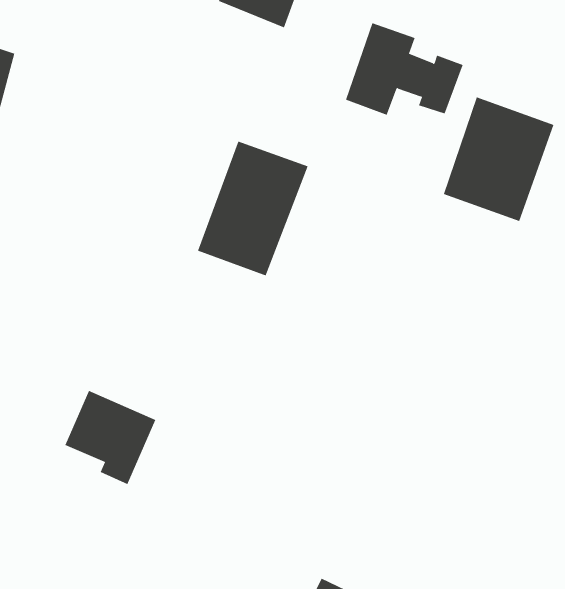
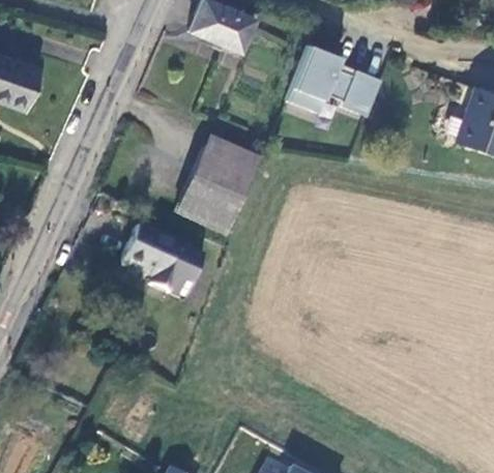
building: [443,96,554,222] -> none
building: [65,390,156,485] -> [120,229,187,298]

